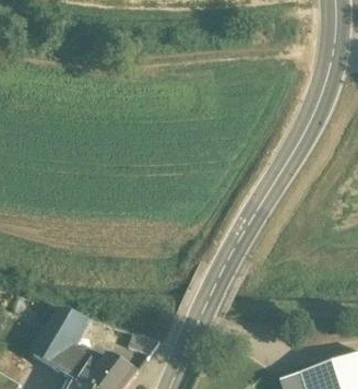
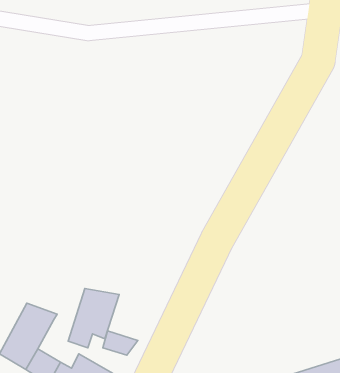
building: none -> [68,289,119,348]

